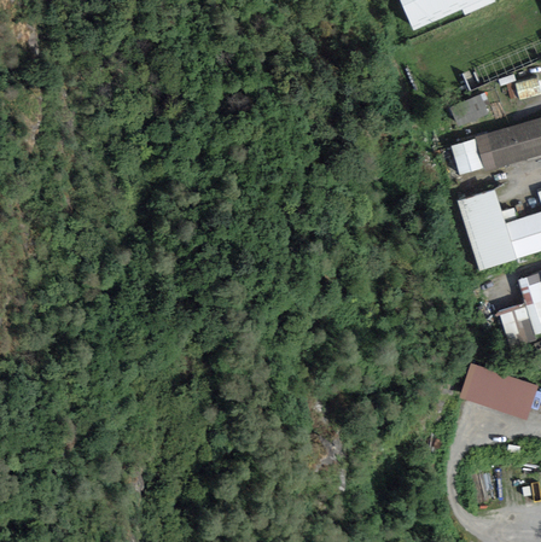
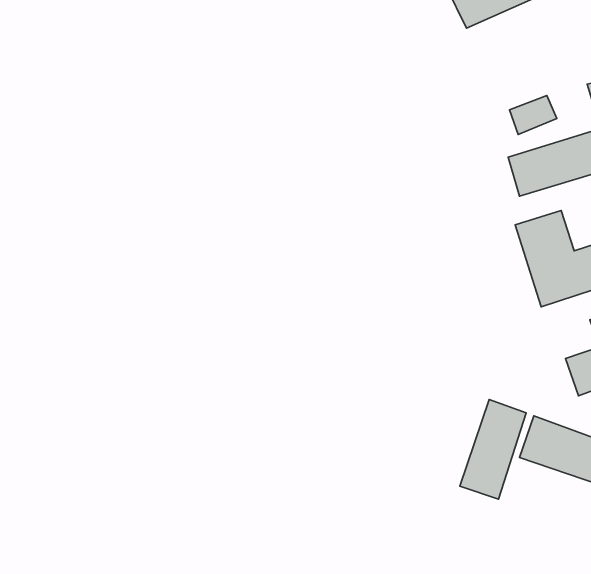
building: none -> [460,400,526,499]

